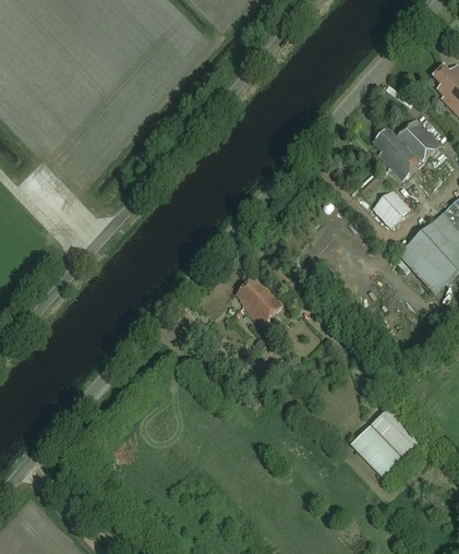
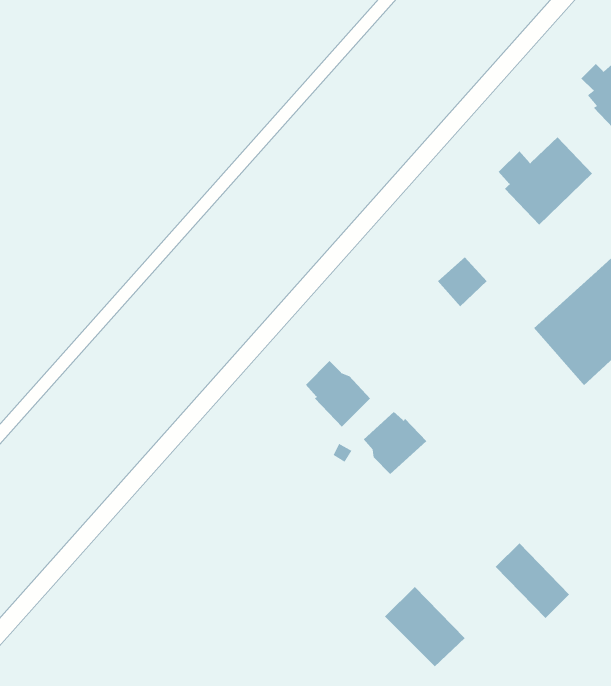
building: [372,191,408,227] -> [437,257,488,307]
building: none -> [363,411,427,475]
building: [348,423,406,481] -> [384,586,465,667]

